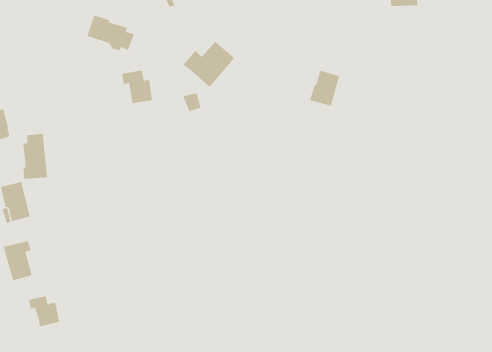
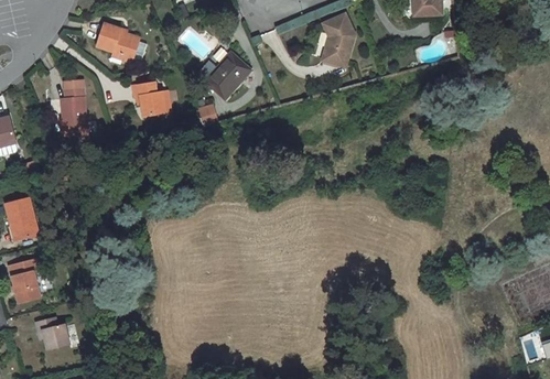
building: [309,70,340,107] -> [322,28,354,66]
building: [22,133,48,180] -> [61,87,87,136]

